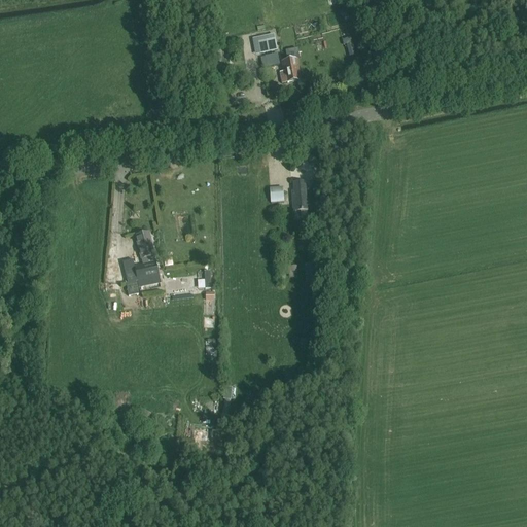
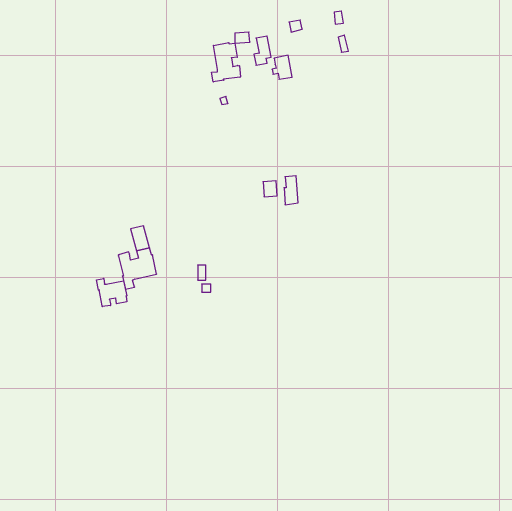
building: none -> [212,43,241,82]
building: none -> [97,278,127,307]

